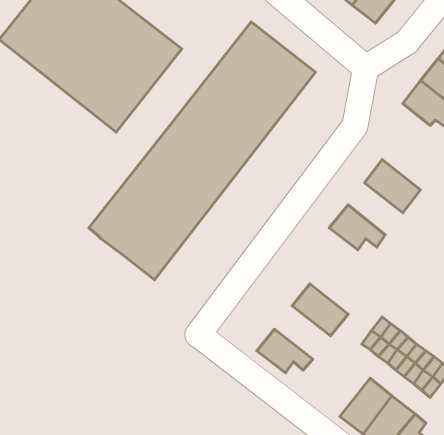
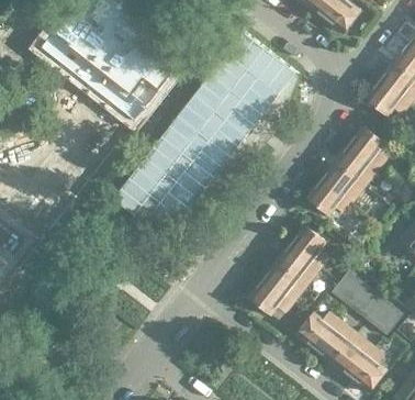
building: none -> [349,125,388,167]
building: none -> [322,162,366,203]
building: none -> [291,224,329,267]
building: none -> [262,260,307,303]
building: none -> [296,311,339,349]

